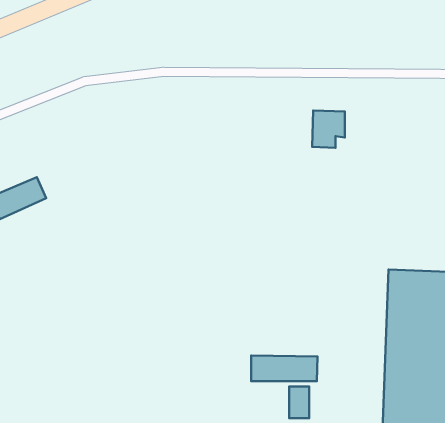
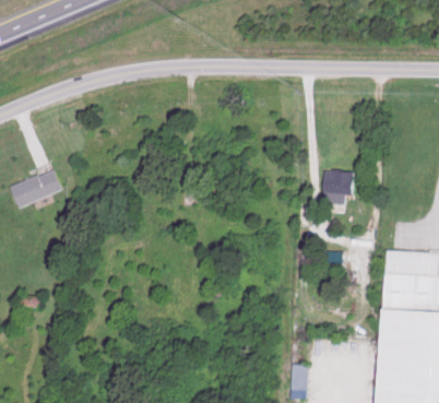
building: [312,110,345,148] -> [322,170,353,205]
building: [251,355,317,381] -> none

